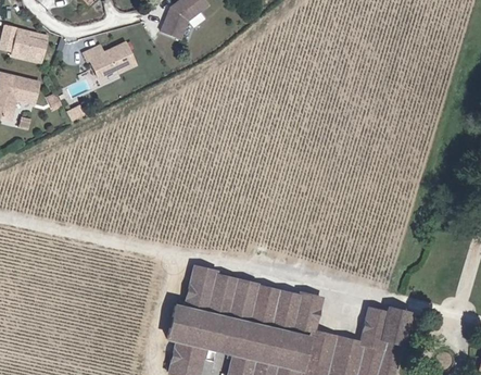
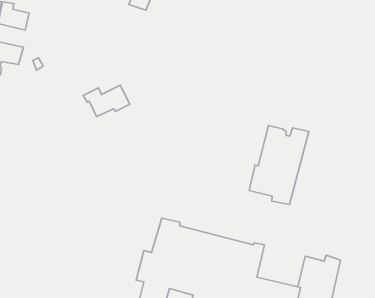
building: [85,35,138,71] -> [83,85,130,116]
building: none -> [249,125,309,205]

